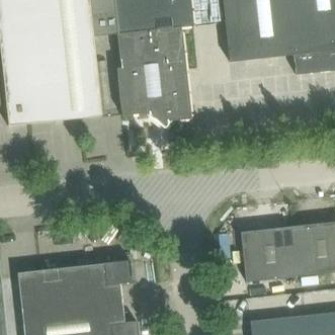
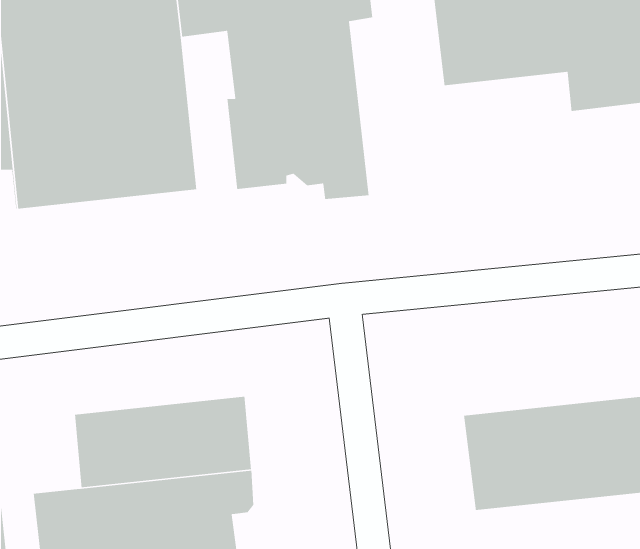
building: none -> [74,396,252,488]

